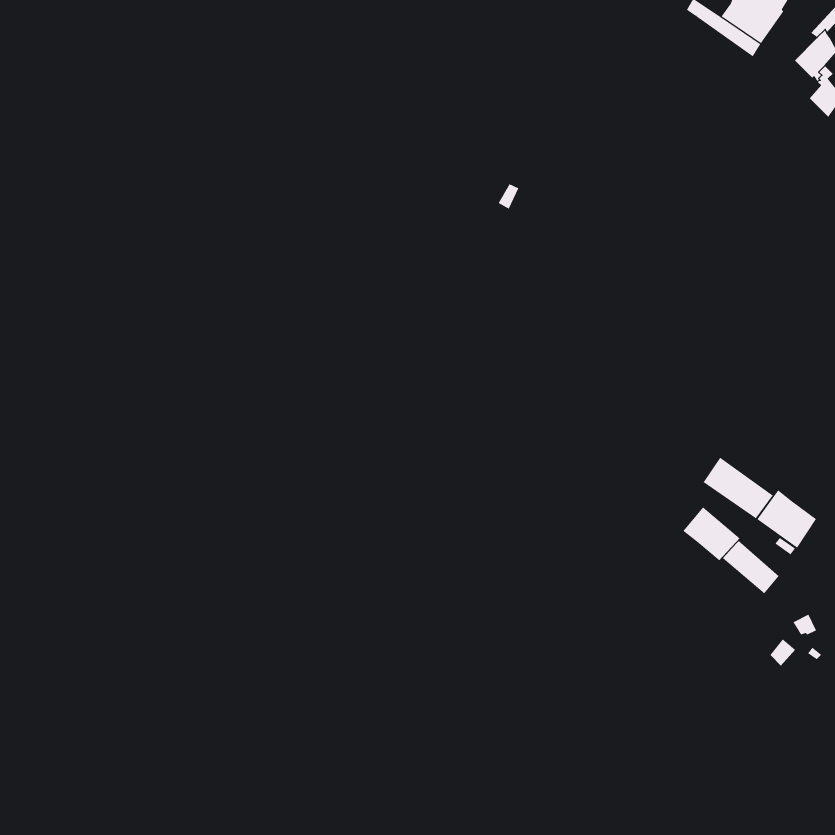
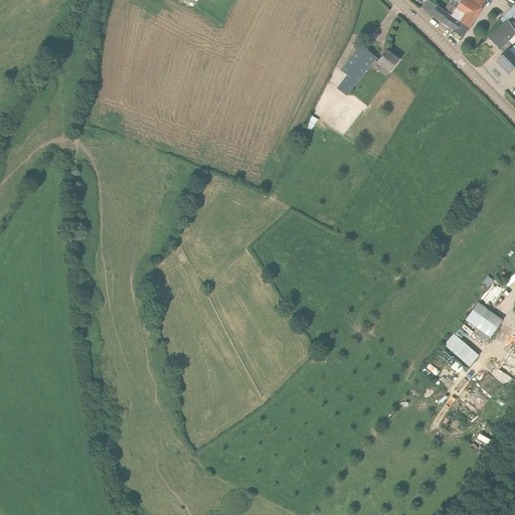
building: none -> [337,43,400,96]
building: [703,457,774,519] -> none
building: [682,507,740,561] -> none

